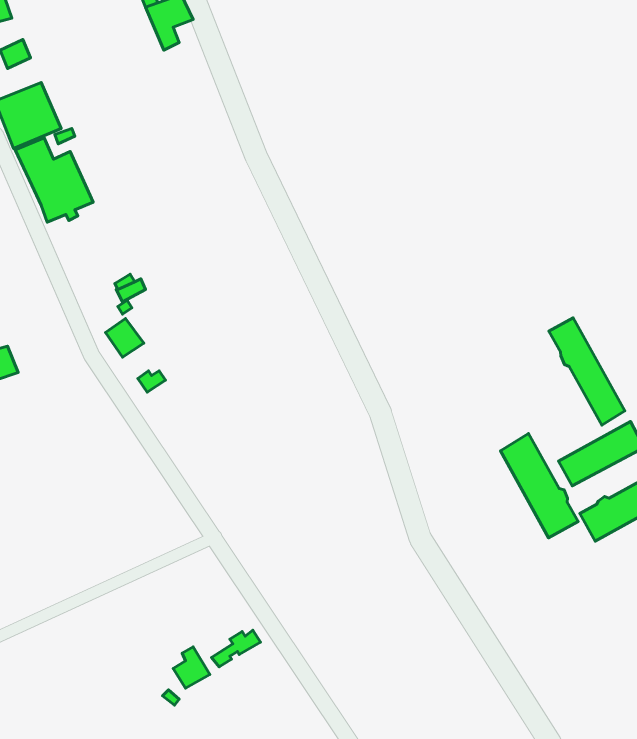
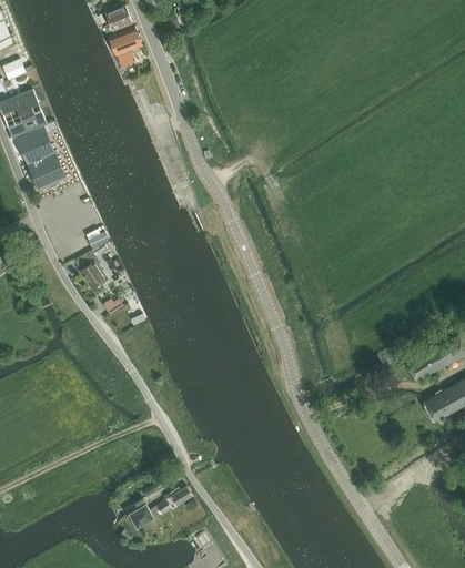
building: [549,318,625,425] -> none
building: [500,434,578,538] -> none

